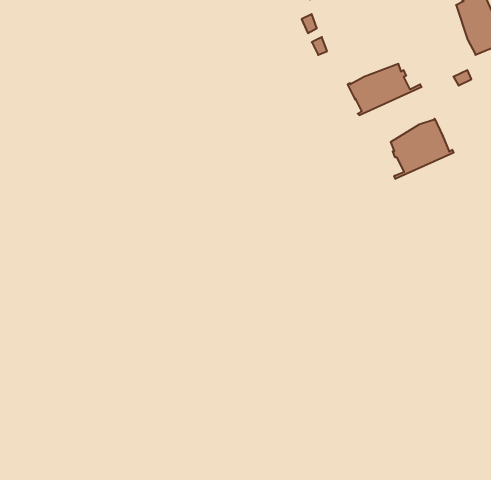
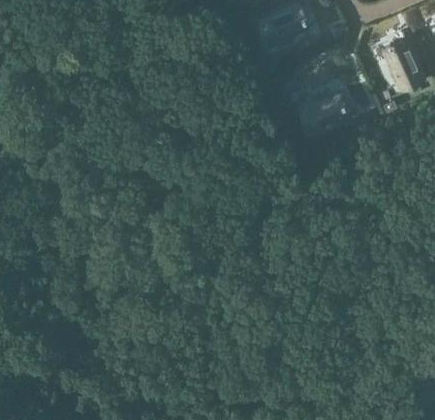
building: [391,119,454,179] -> none

